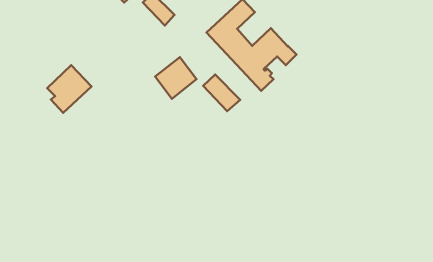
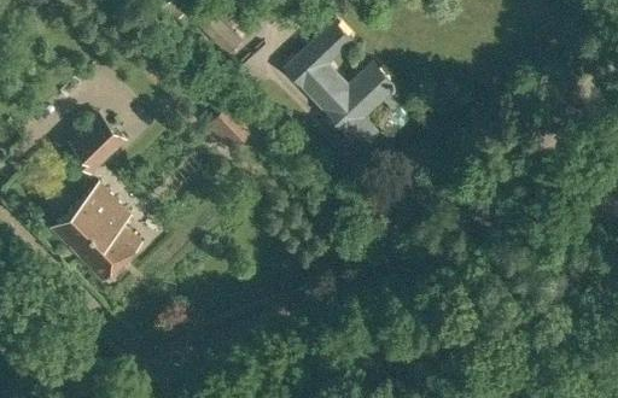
building: [203,74,240,111] -> none
building: none -> [52,186,141,285]

